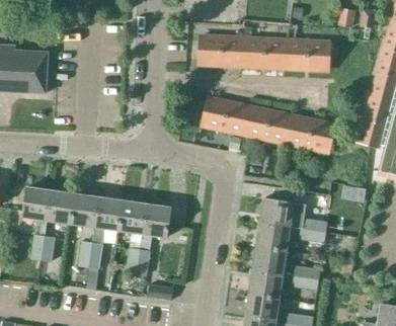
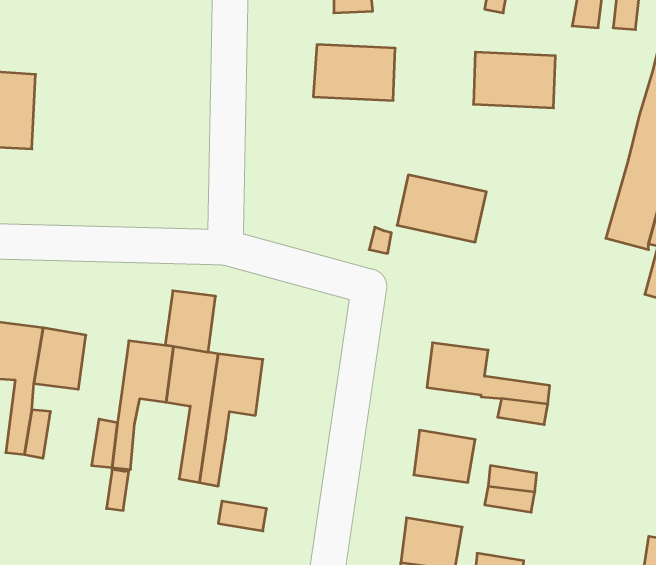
building: [242,37,287,68] -> none
building: [202,97,250,134] -> none
building: [287,115,335,152] -> none
building: [71,193,98,227] -> [165,291,216,352]
building: [256,222,290,250] -> none
building: [249,269,283,298] -> none

